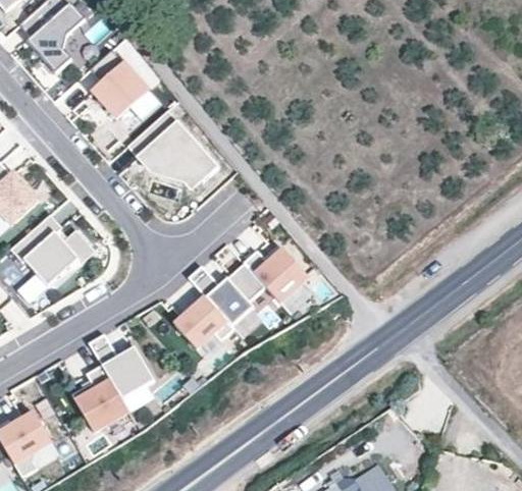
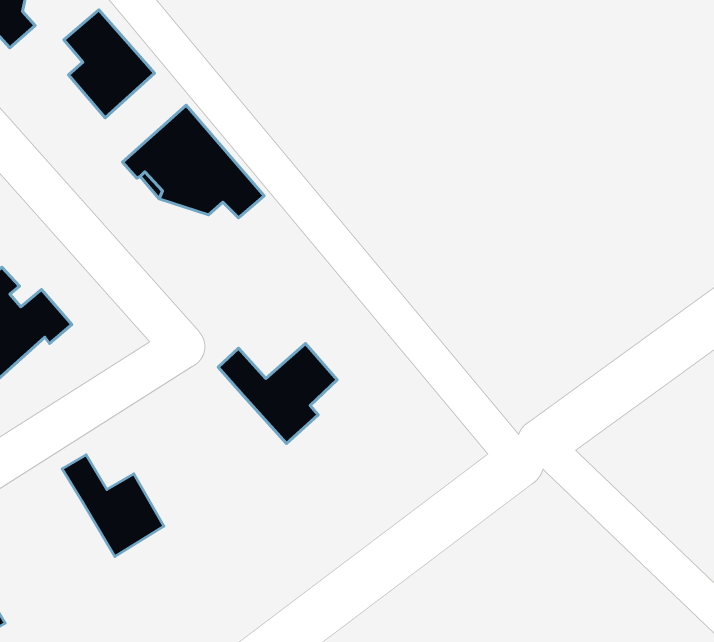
building: [244,244,309,304] -> none
building: [174,296,234,349] -> none
building: [71,365,129,432] -> none

